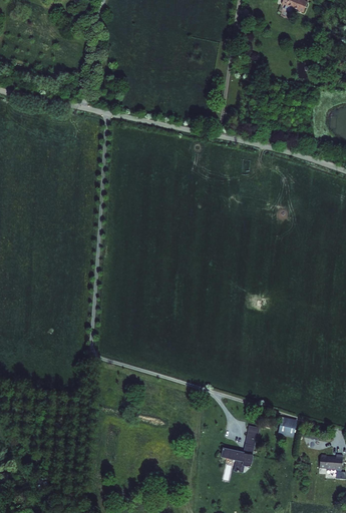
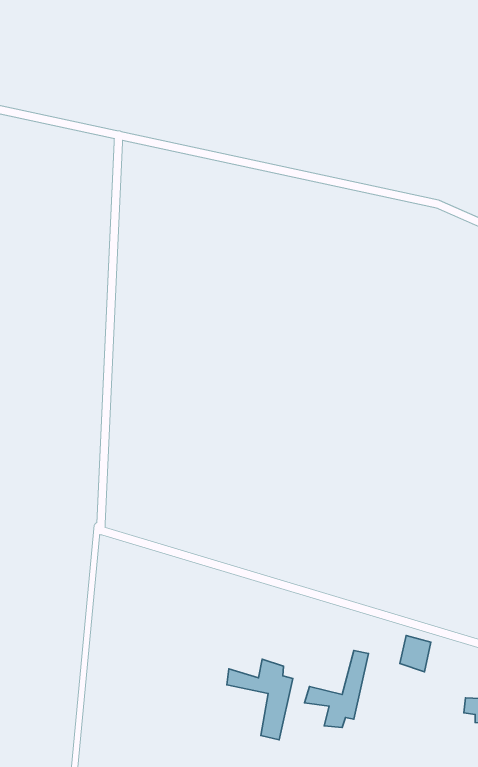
building: none -> [227,659,293,740]

